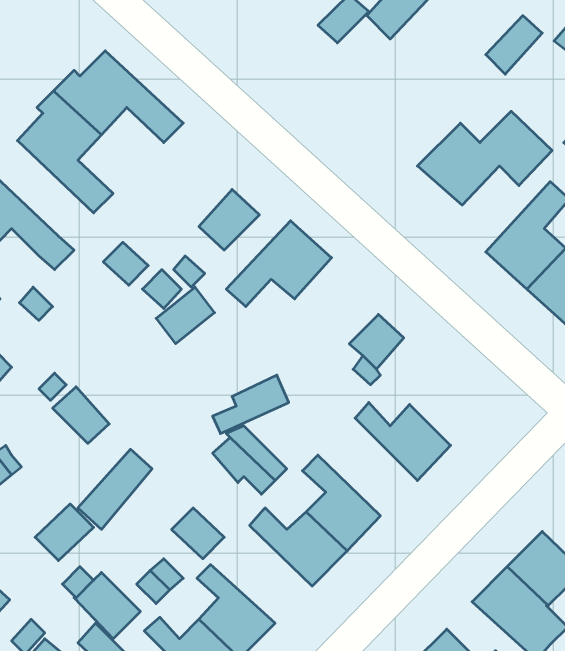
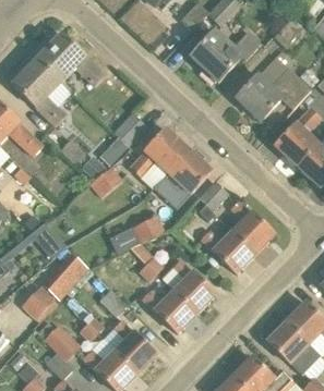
building: none -> [191,30,260,82]
building: none -> [163,149,211,209]
building: none -> [230,200,274,254]

